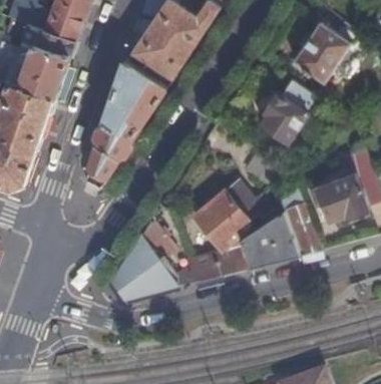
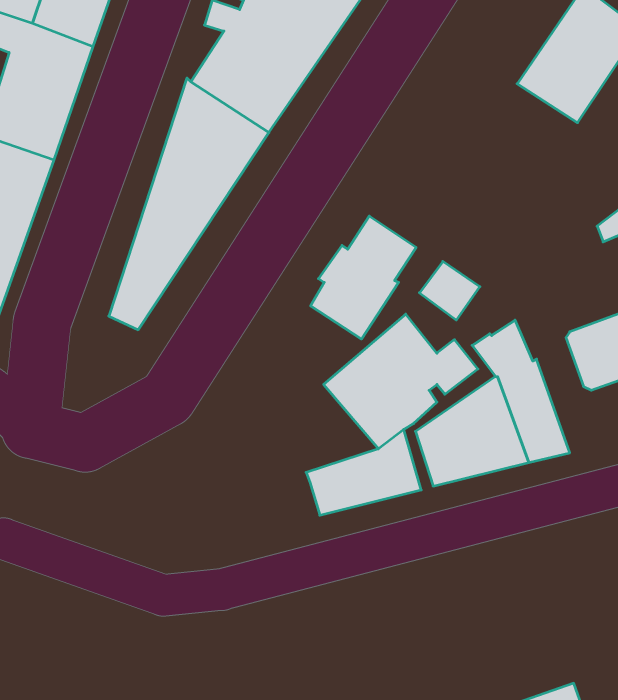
building: [261,79,315,142] -> [311,216,416,339]
building: [110,218,192,300] -> none

